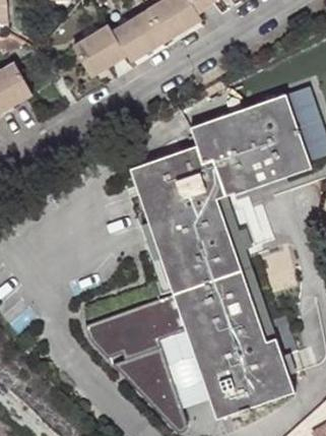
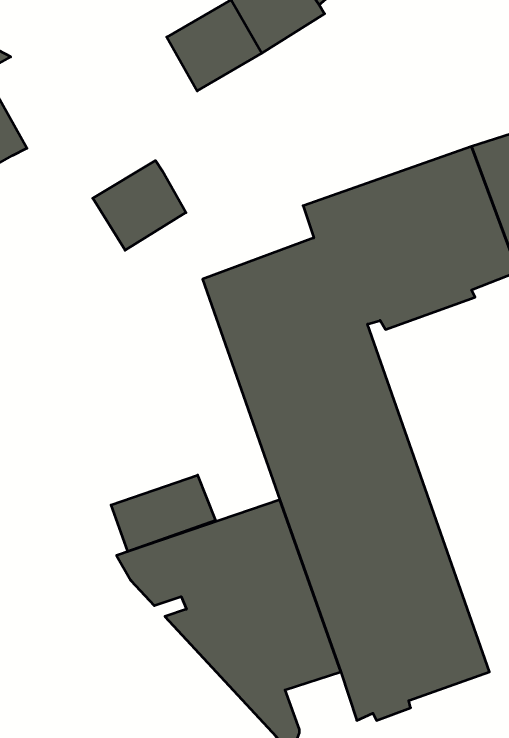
building: [72,25,125,76] -> [93,161,186,250]
building: none -> [111,475,215,552]

